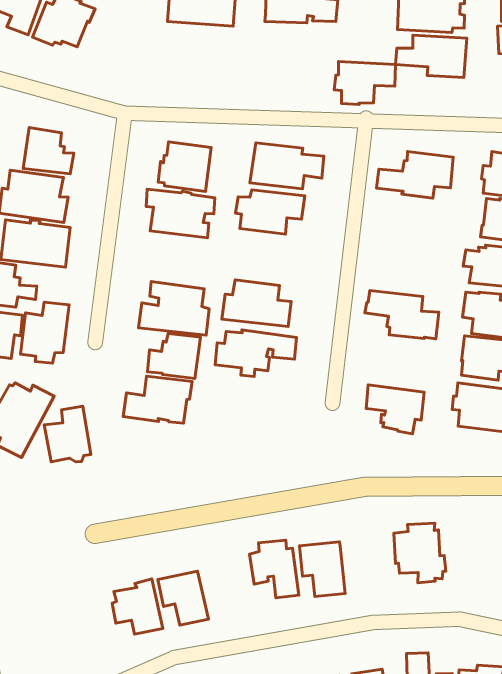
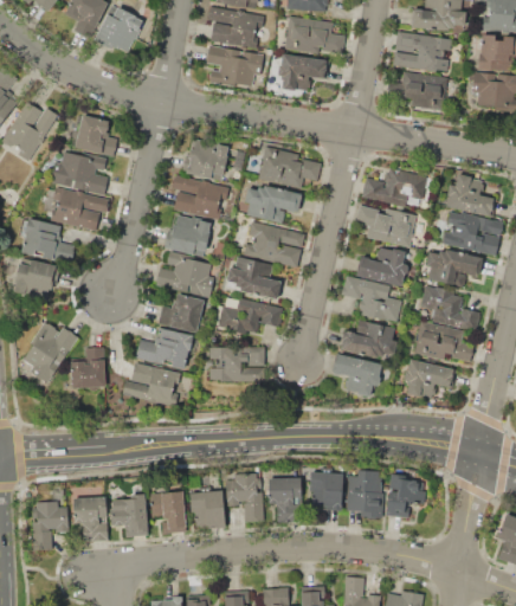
building: none -> [206,44,264,90]
building: [334,62,396,104] -> [277,53,329,90]
building: none -> [356,205,417,245]
building: none -> [244,221,303,266]
building: none -> [166,214,212,256]
building: none -> [357,246,408,286]
building: [21,302,69,363] -> none
building: none -> [338,320,398,360]
building: none -> [209,346,264,381]
building: none -> [122,362,180,407]
building: none -> [387,473,426,517]
building: none -> [309,470,343,510]
building: none -> [189,490,227,528]
building: none -> [73,496,109,541]
building: none -> [32,501,70,549]

